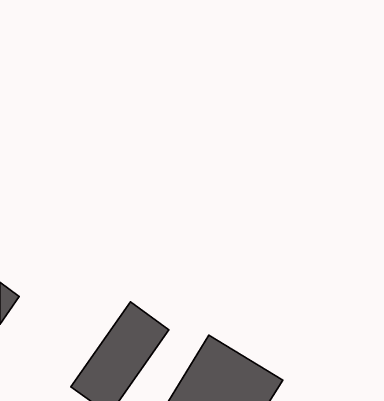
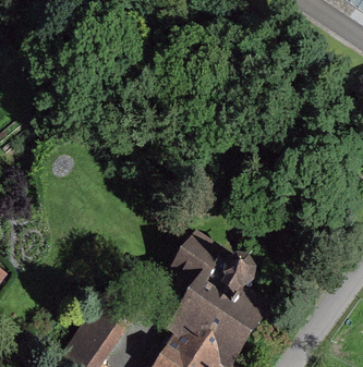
building: none -> [176,232,264,317]

